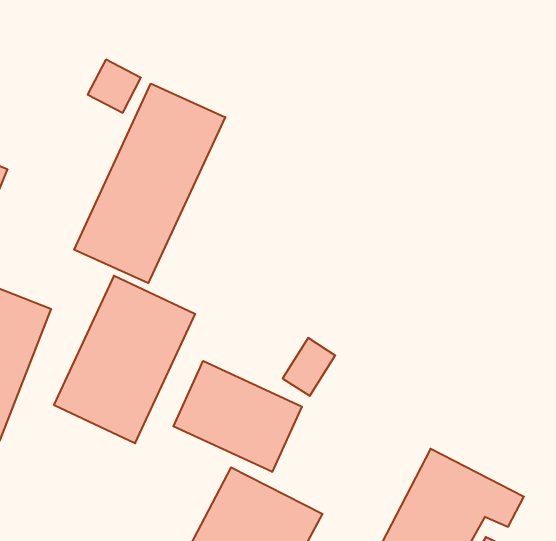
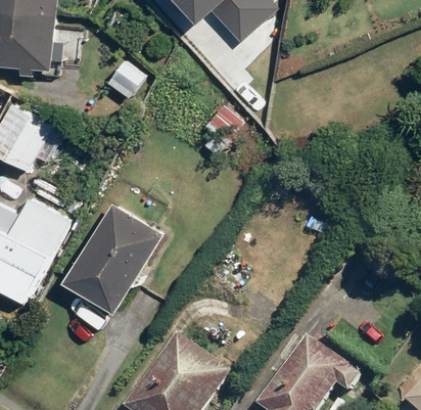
building: [74,84,225,283] -> none
building: [173,361,302,472] -> none

